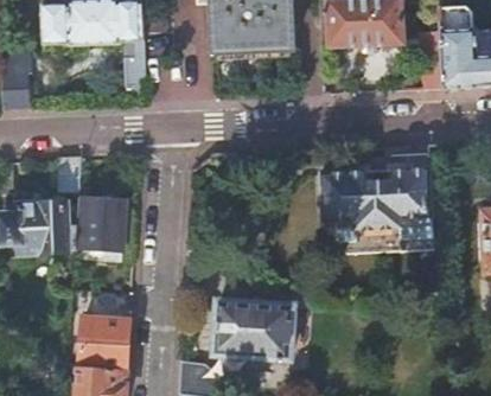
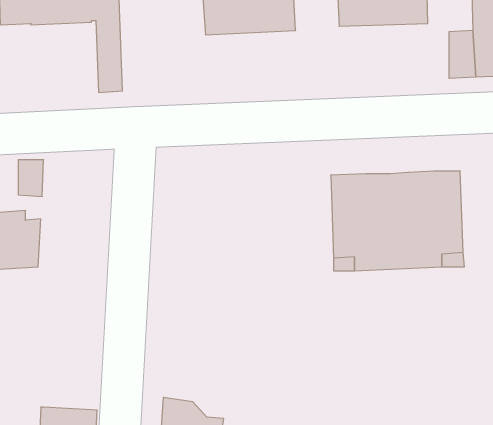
building: [84,196,123,245] -> none
building: [216,298,294,357] -> none
building: [81,317,129,368] -> none

